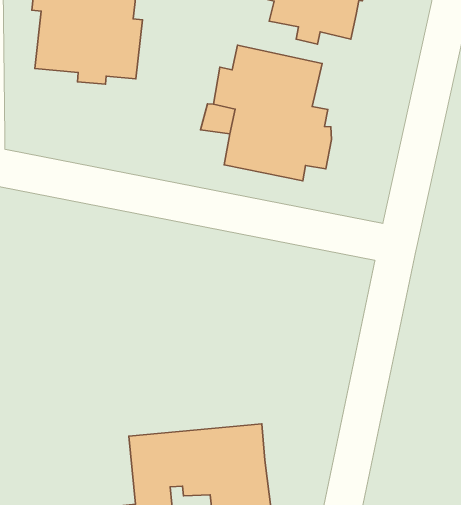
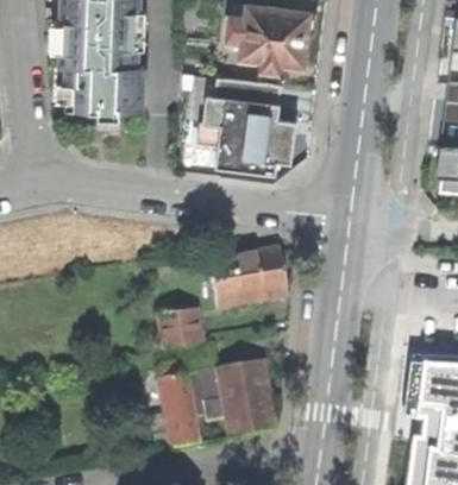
building: none -> [207,252,283,308]
building: none -> [158,311,197,351]

